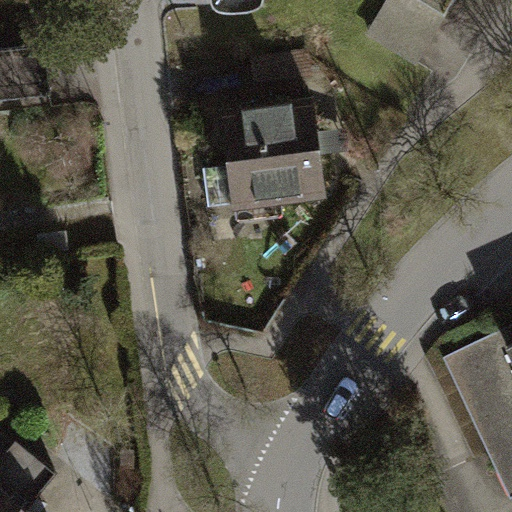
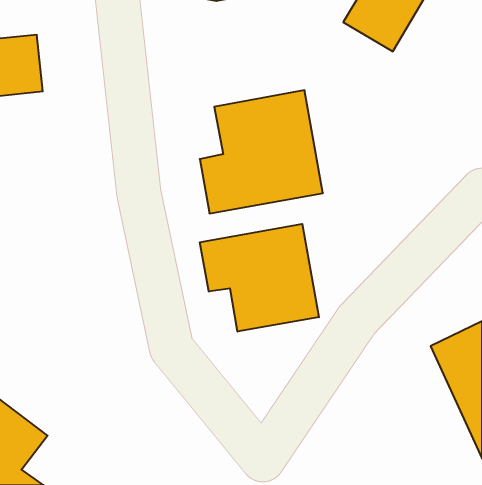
building: none -> [200,224,319,332]

